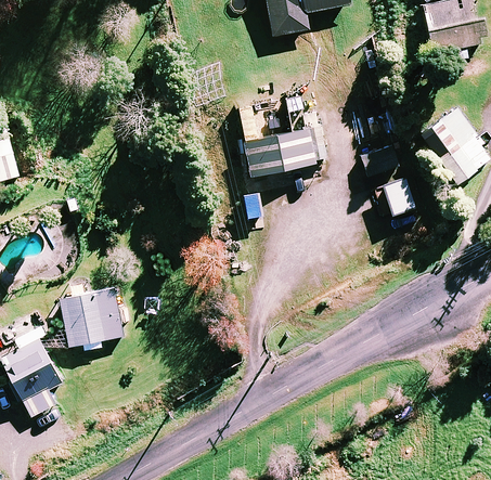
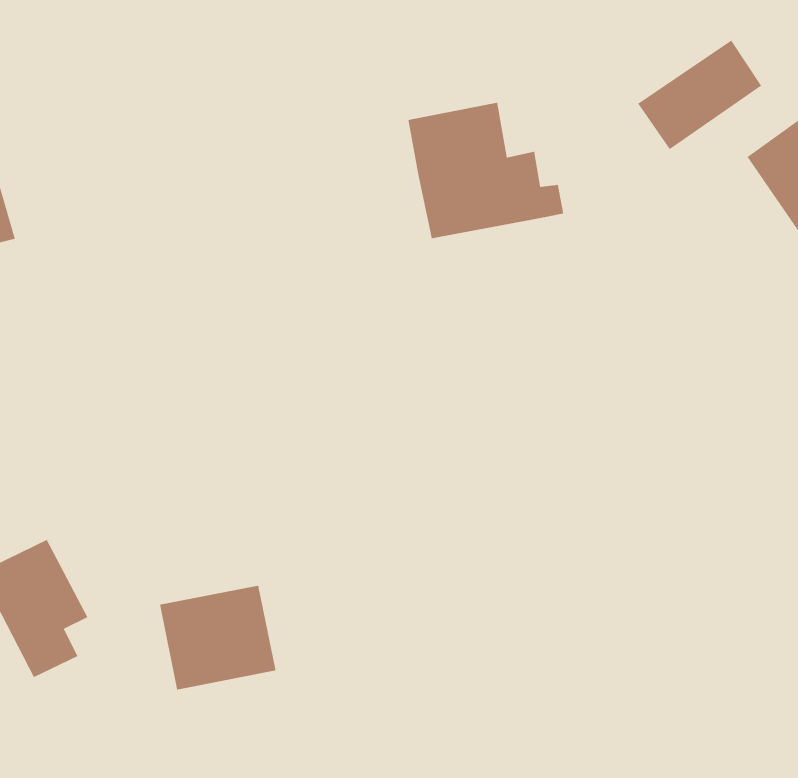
building: none -> [637,40,762,150]
building: [57,289,122,348] -> [159,585,277,691]

